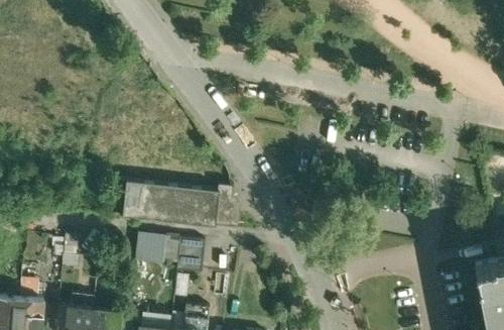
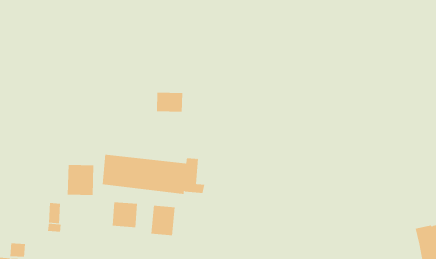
building: none -> [156,92,183,112]
building: none -> [67,164,94,196]

